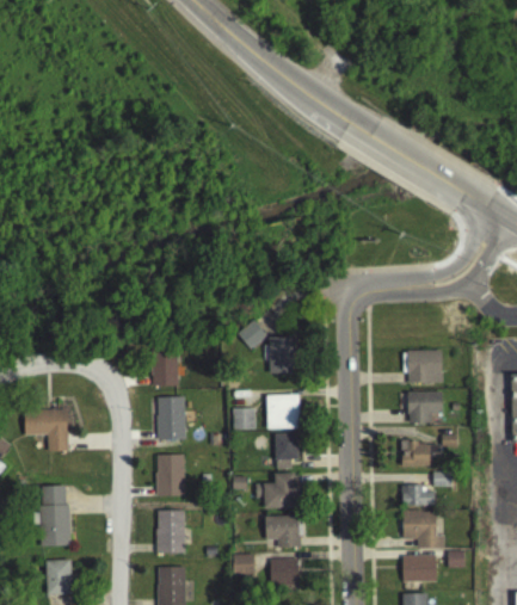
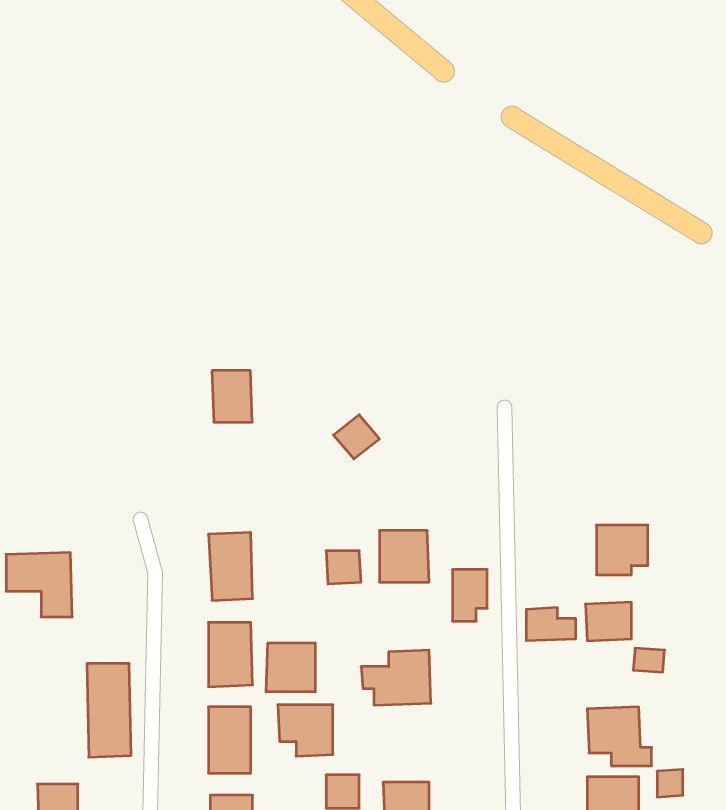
building: [270,337,296,374] -> none
building: [407,350,443,383] -> none
building: [152,352,178,385] -> [212,371,252,422]
building: [276,434,298,468] -> [452,570,487,621]
building: none -> [266,643,315,692]
building: [402,484,435,506] -> [526,608,576,641]
building: [41,486,69,547] -> [87,664,131,757]
building: [265,516,301,549] -> [278,705,333,756]

